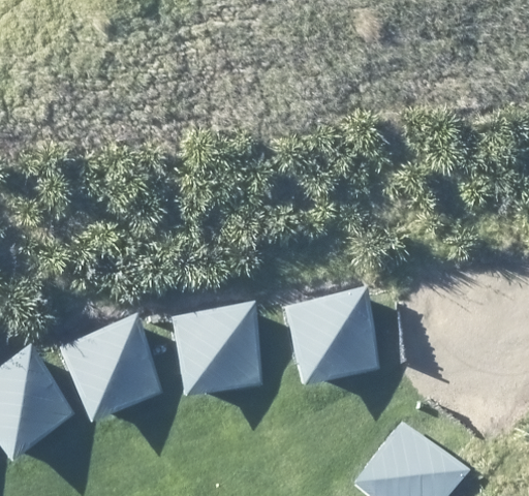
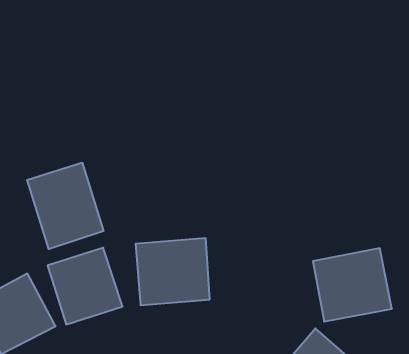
building: none -> [27,163,104,249]
building: [285,288,386,382] -> [313,248,392,322]

